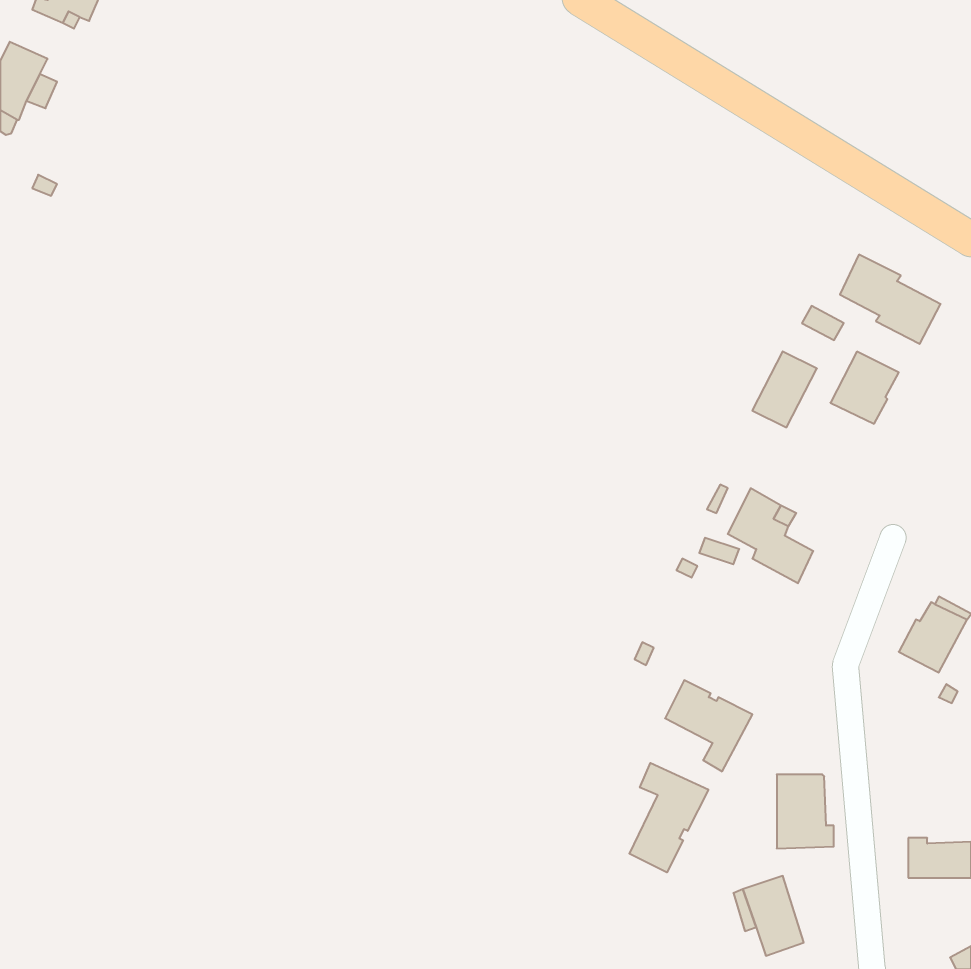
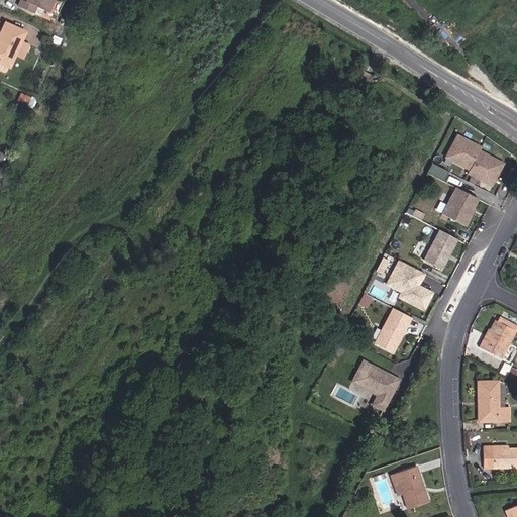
building: [752,351,817,427] -> [423,230,457,271]
building: none -> [376,308,411,351]
building: [629,763,708,872] -> none
building: [777,774,834,848] -> [478,381,508,420]

